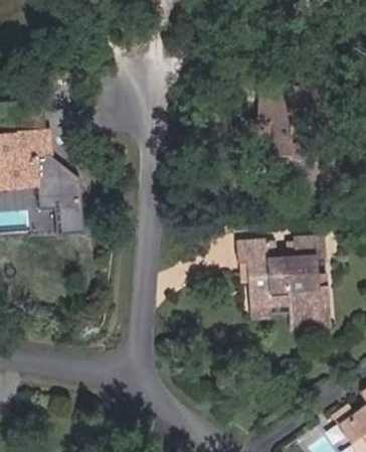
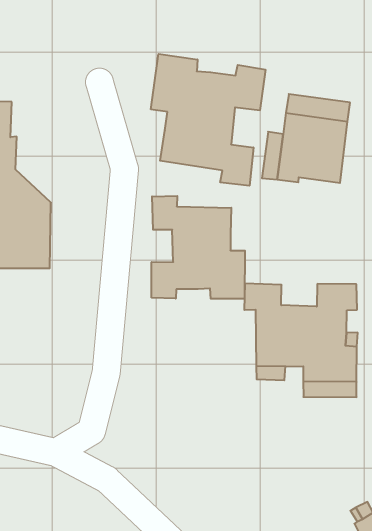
building: none -> [151,54,265,186]
building: none -> [152,196,245,299]

